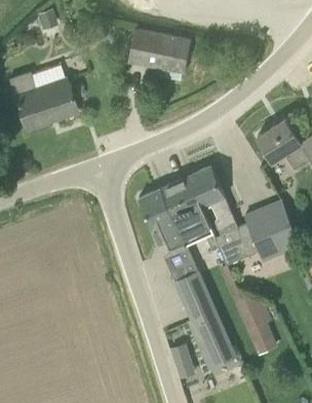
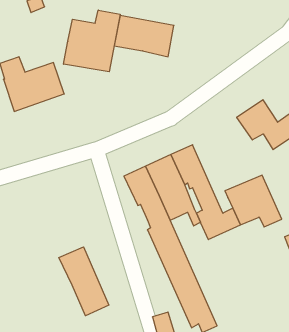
building: none -> [64,10,120,72]
building: none -> [59,247,109,316]
building: [237,294,280,354] -> none

